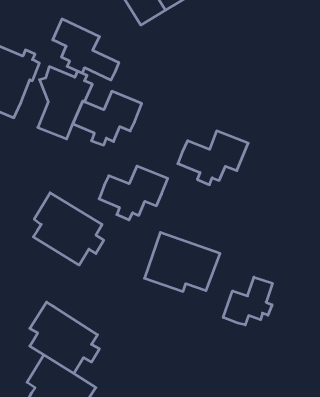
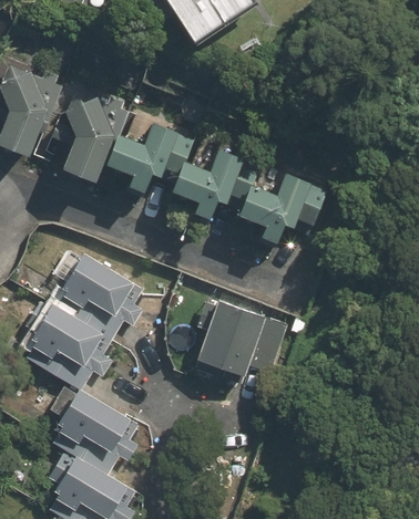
building: [53,19,119,80] -> none
building: [99,166,168,220] -> [171,149,257,217]
building: none -> [25,301,113,393]
building: [223,277,272,325] -> none

